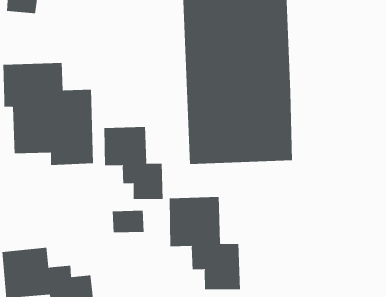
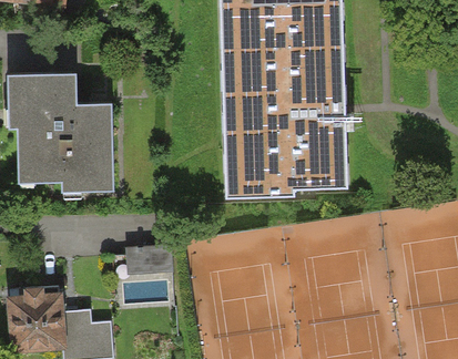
building: [104,126,163,200] -> none
building: [169,196,240,290] -> none

